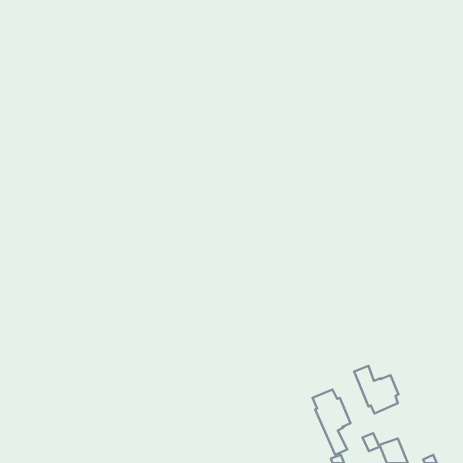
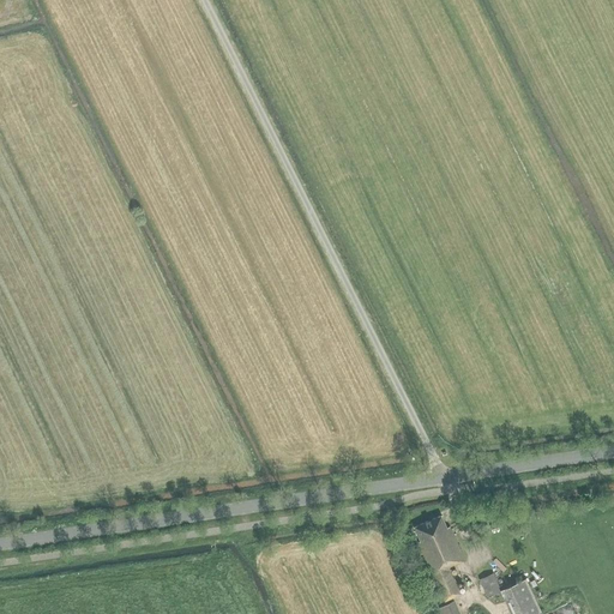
building: [354,366,399,414] -> none

